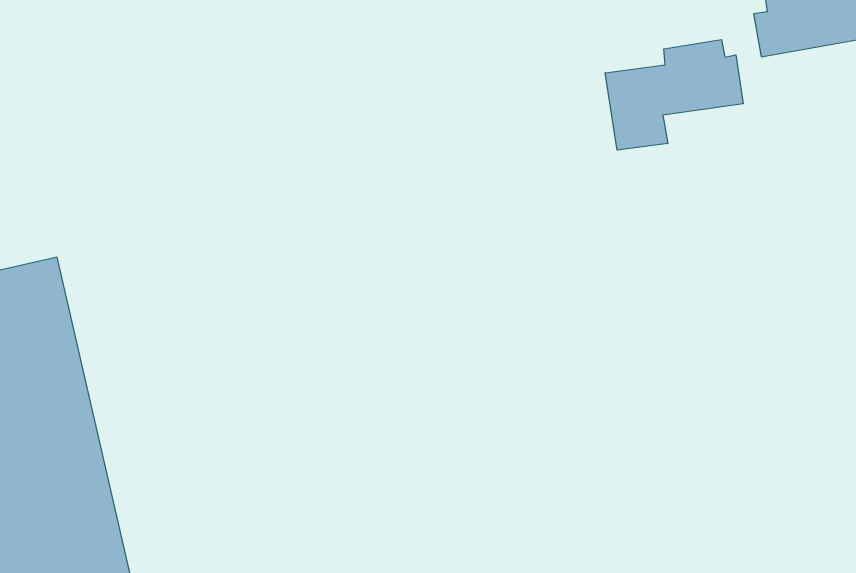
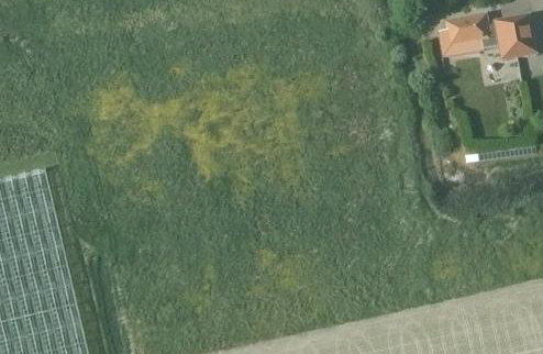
building: [605,40,743,150] -> none

